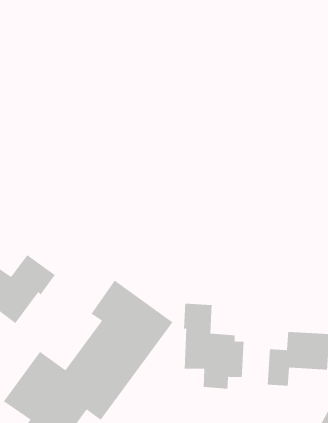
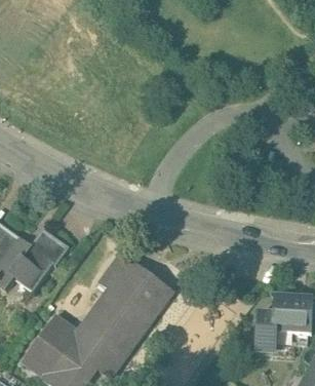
building: [183,303,245,389] -> none

